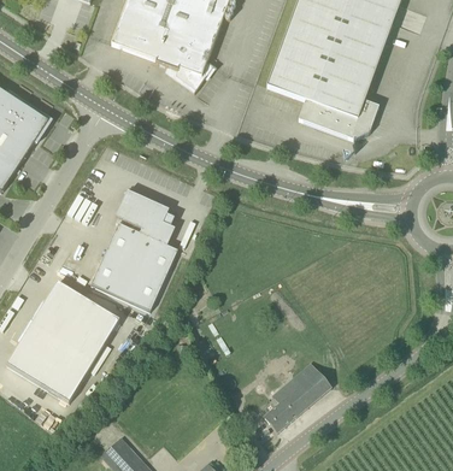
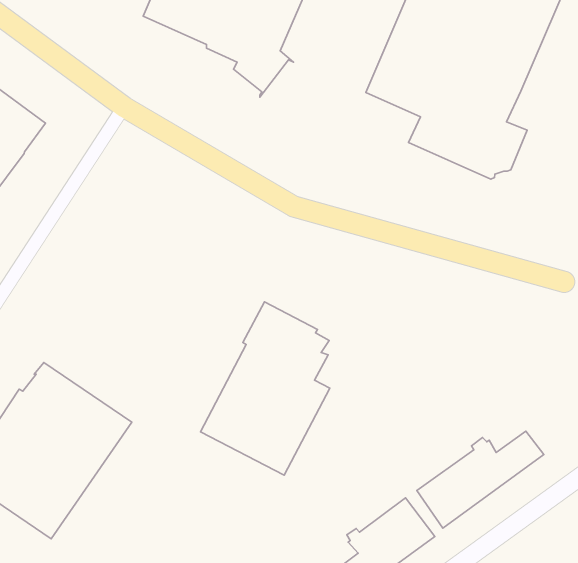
building: [90,193,177,311] -> [201,302,330,475]
building: none -> [417,431,544,528]

